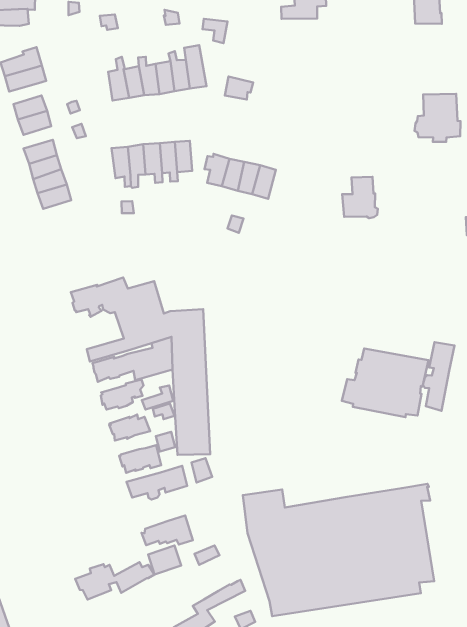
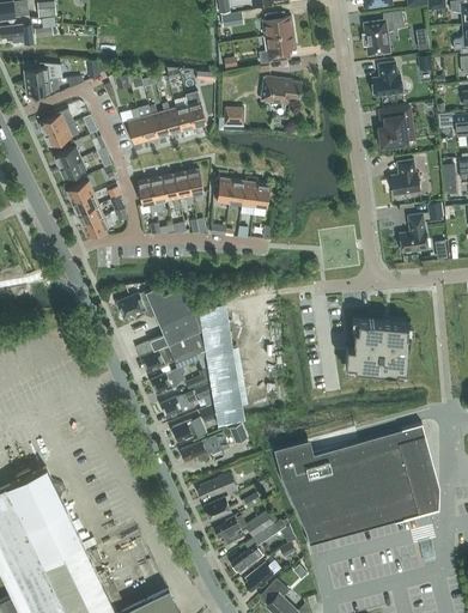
building: none -> [261,77,300,105]
building: none -> [372,62,402,97]
building: [342,177,378,218] -> [390,160,420,195]
building: none -> [399,214,427,254]
building: [423,342,454,411] -> none
building: [75,562,155,600] -> [214,511,278,546]

